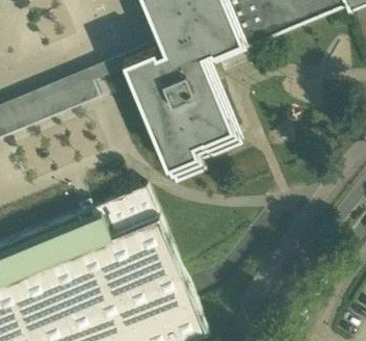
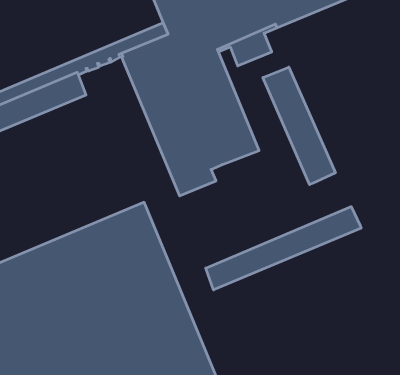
building: none -> [263,67,335,185]
building: none -> [206,207,361,290]

